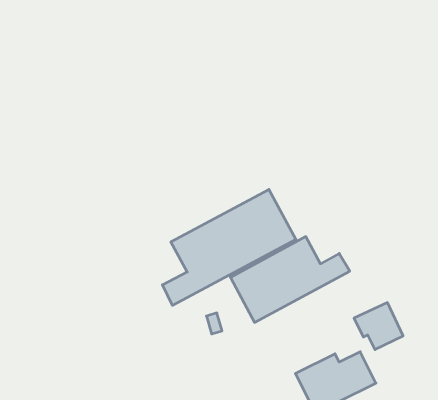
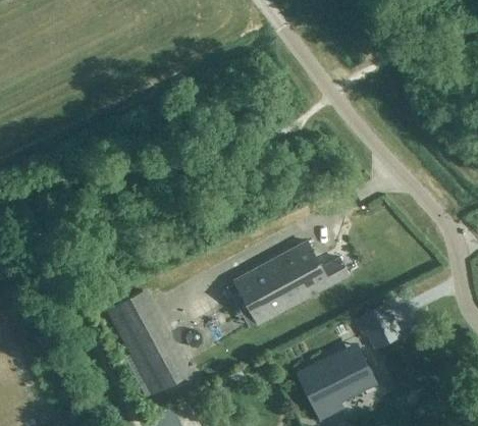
building: [162,189,296,305] -> none
building: none -> [107,289,189,393]

